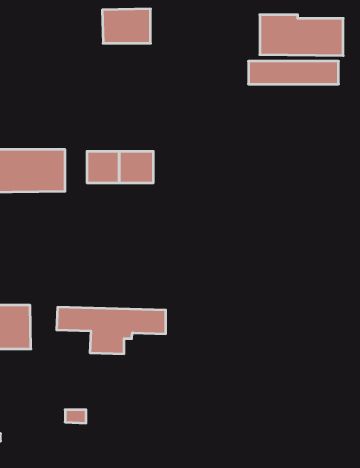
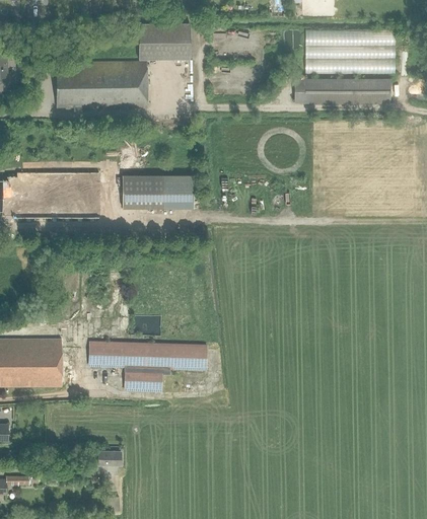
building: none -> [56,60,148,107]

